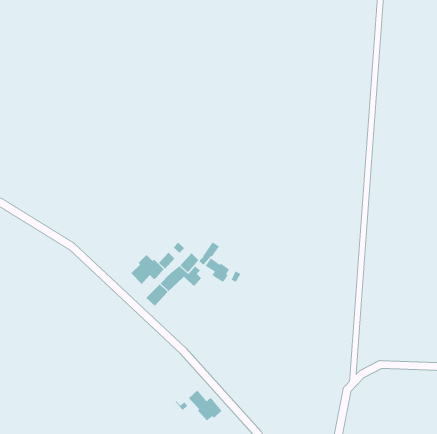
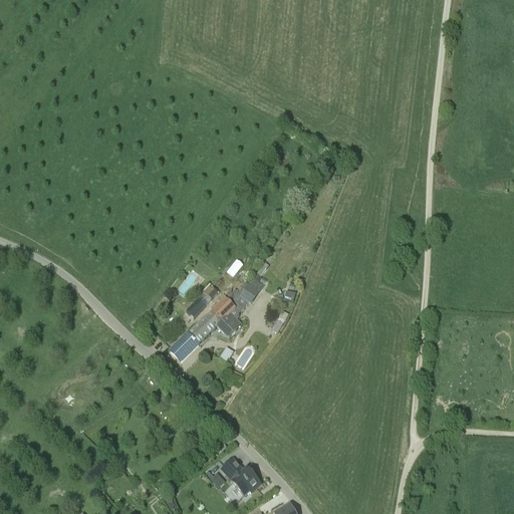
building: [130,254,165,285] -> none
building: [205,257,230,283] -> none

